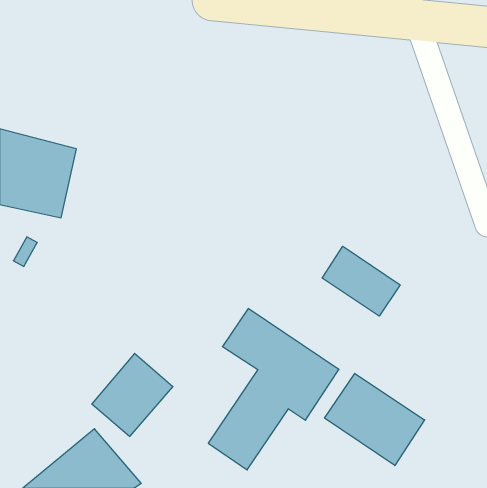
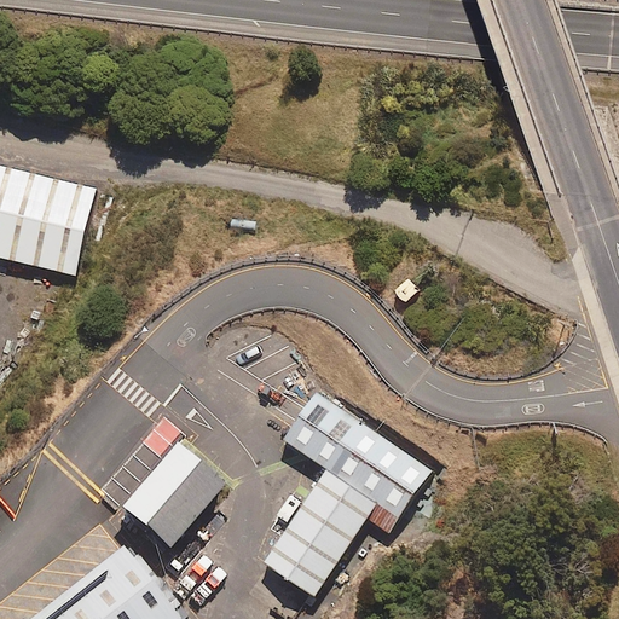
building: [322,246,400,316] -> none
building: [325,373,425,466] -> none

